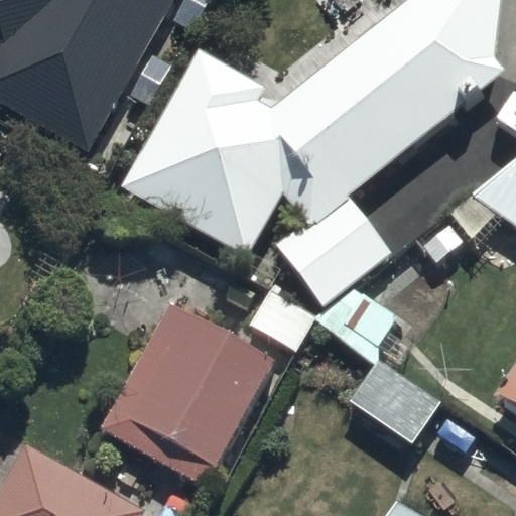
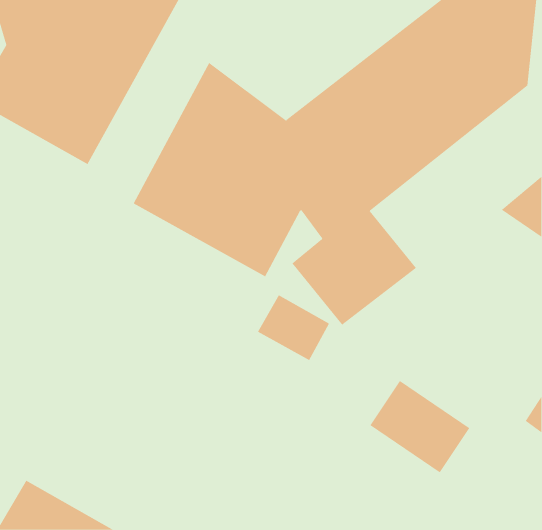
building: [97,304,273,488] -> none

